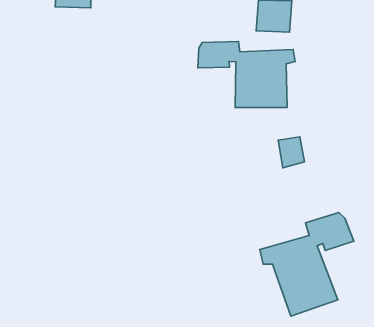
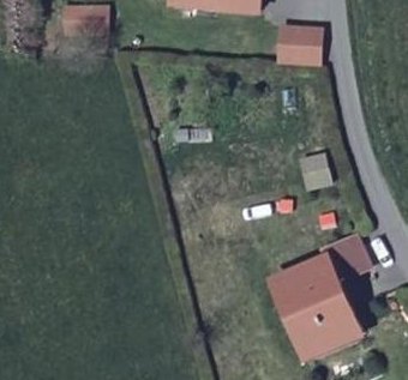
building: [198,42,295,108] -> none

